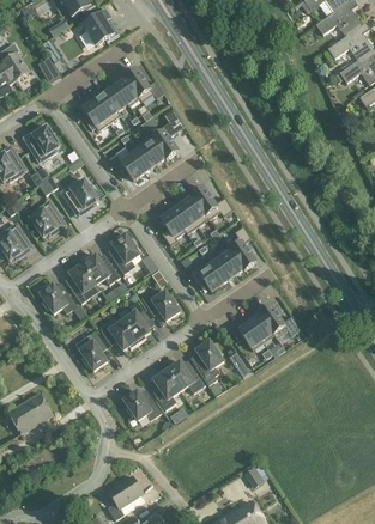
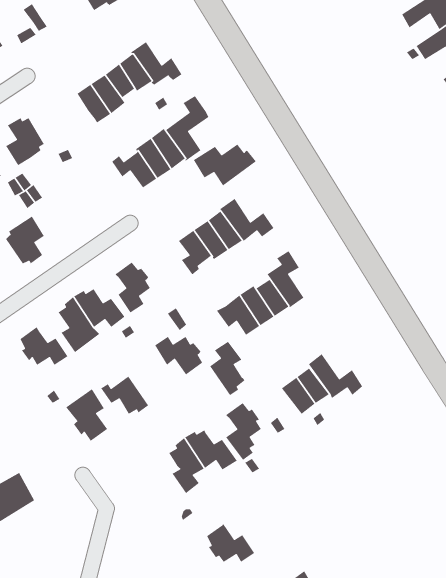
building: none -> [193,143,257,187]
building: [61,178,98,211] -> none
building: [122,300,150,342] -> [209,341,246,396]
building: [123,389,161,419] -> [206,523,255,563]

